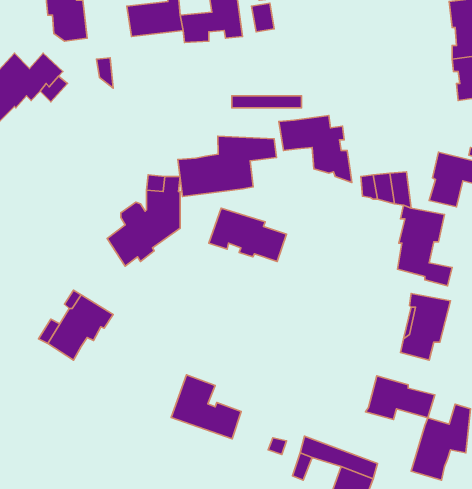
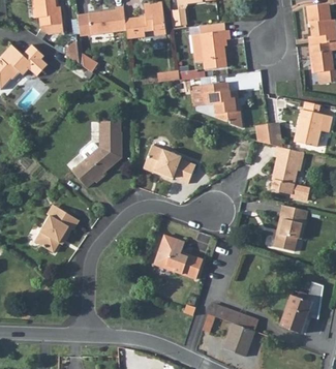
building: none -> [200,31,231,70]
building: [178,136,276,196] -> none
building: [171,375,241,439] -> [154,236,202,279]
building: [365,376,435,419] -> none

